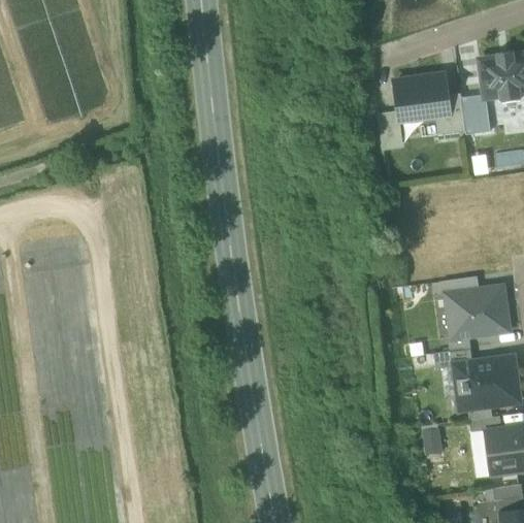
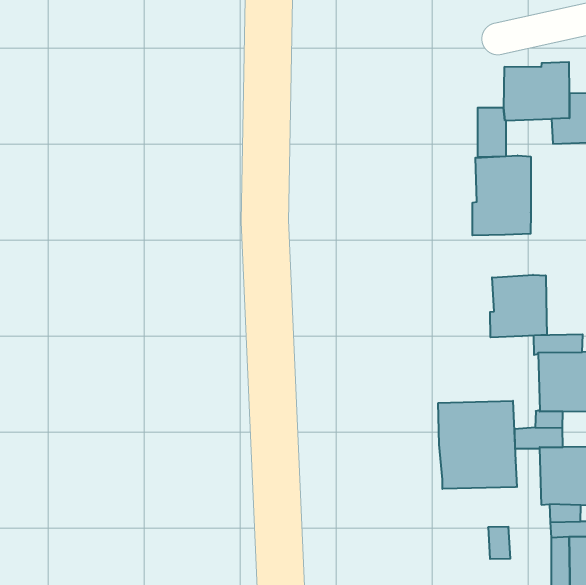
building: none -> [472,155,531,235]
building: none -> [490,275,547,337]
building: none -> [438,401,517,489]

